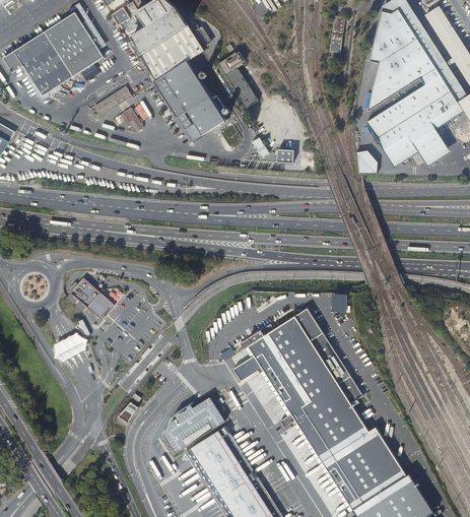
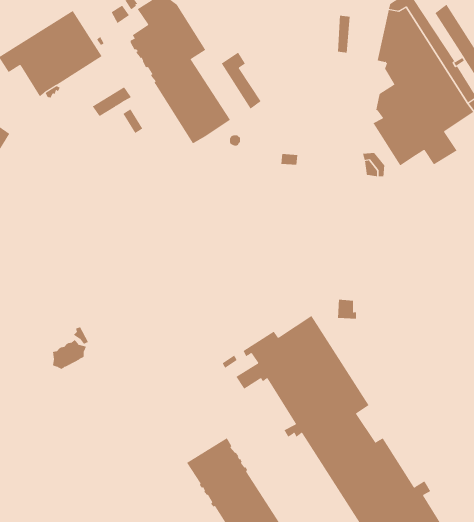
building: [71,276,115,317] -> none
building: [162,393,232,453] -> none

